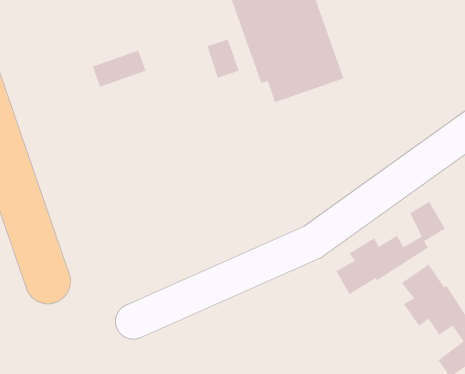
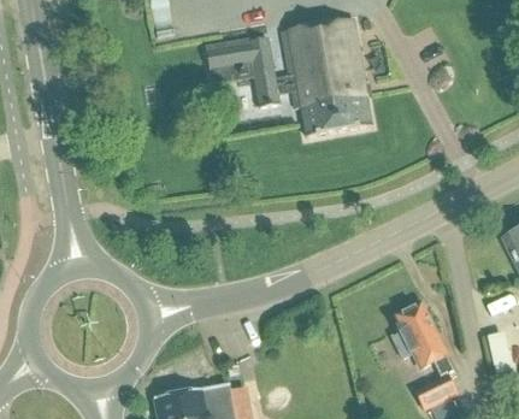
building: [92,50,146,88] -> [204,41,252,70]
building: [335,200,446,295] -> none

